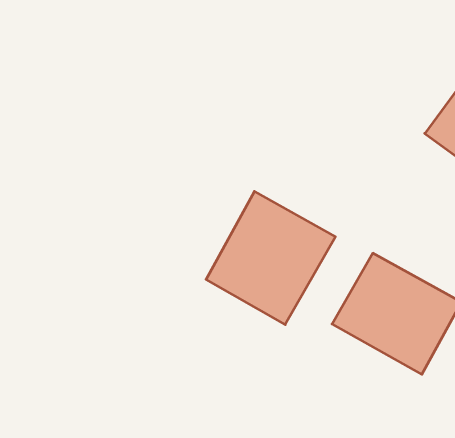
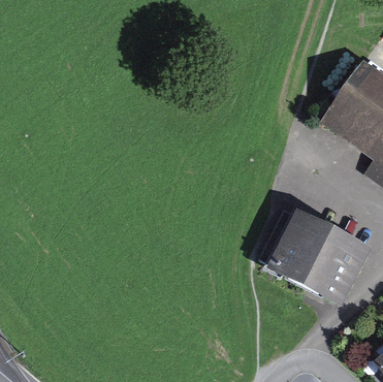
building: [206,191,335,325] -> none

